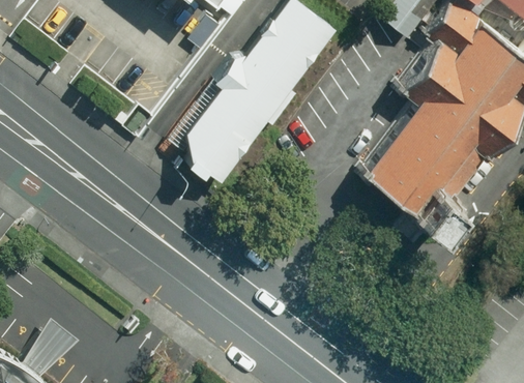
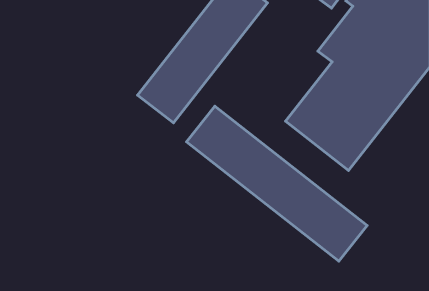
building: none -> [187,106,367,261]

